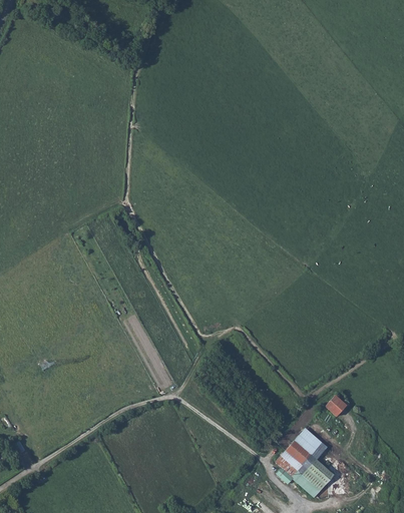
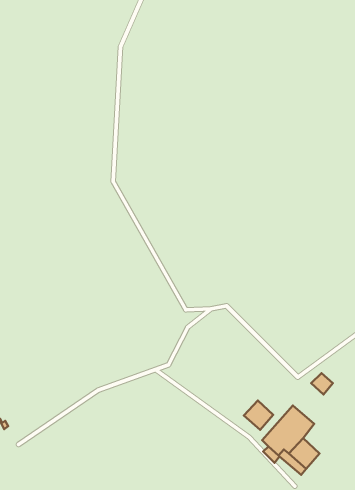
building: none -> [244,401,273,430]

